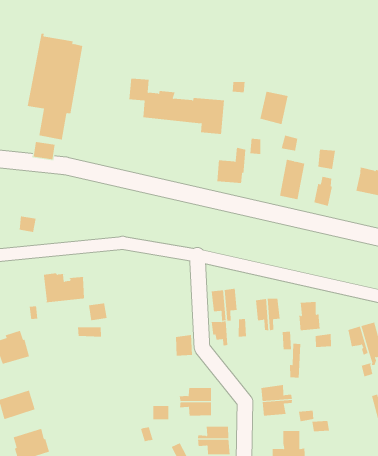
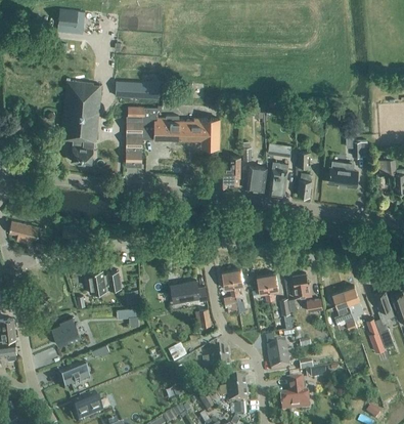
building: none -> [116,81,159,97]
building: none -> [126,107,142,166]
building: [260,91,288,125] -> [245,166,267,192]
building: none -> [171,281,208,302]

